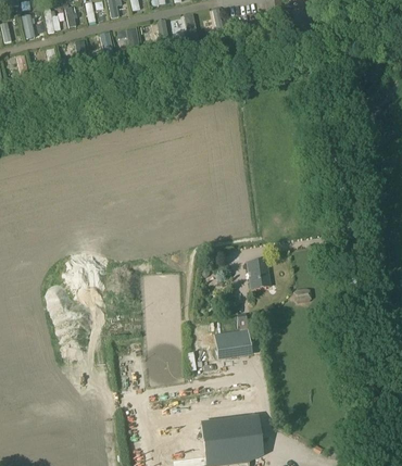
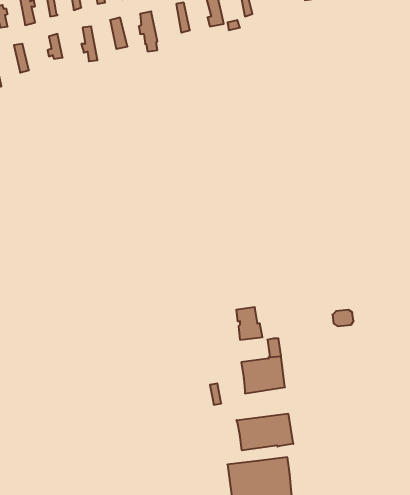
building: [248,259,271,287] -> [236,307,262,340]
building: none -> [237,414,293,450]

